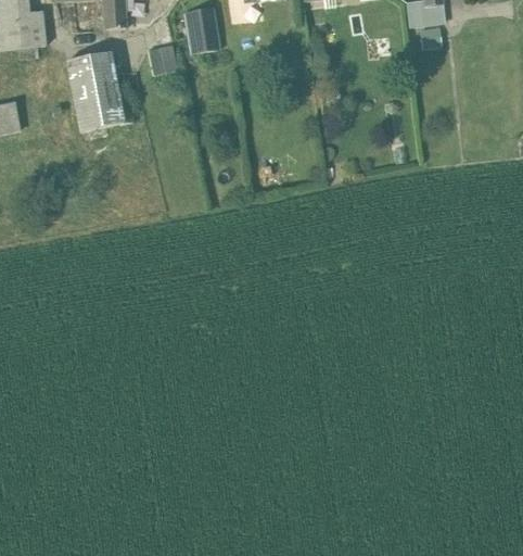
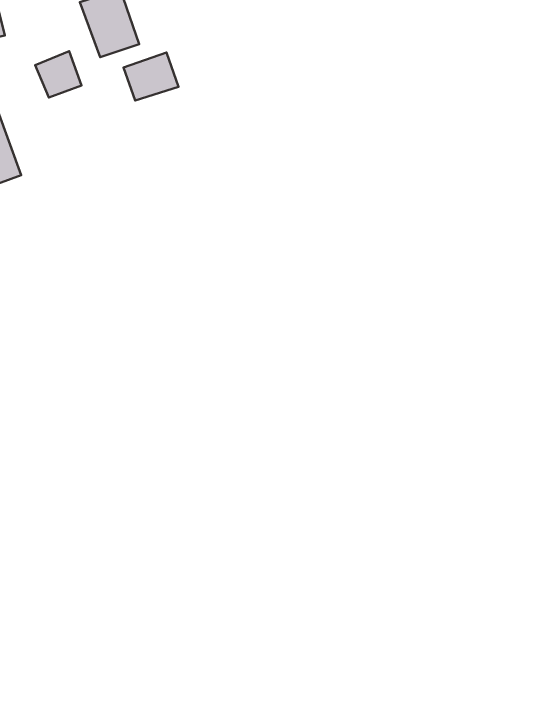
building: none -> [124,53,179,100]

